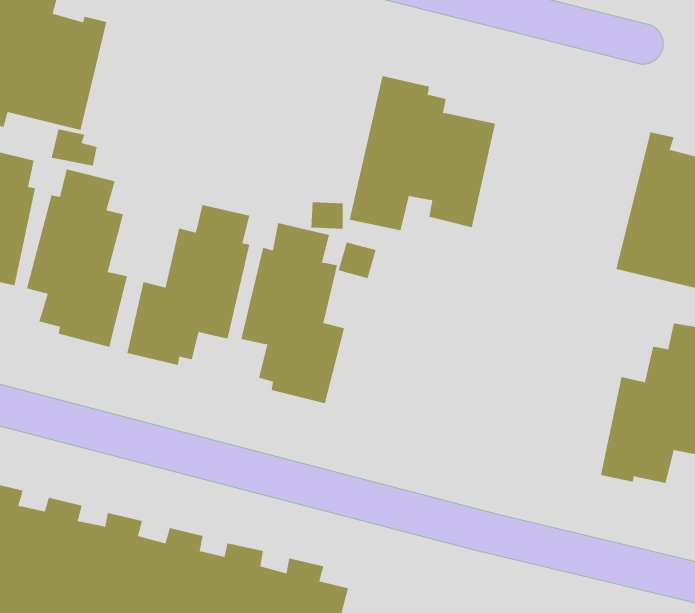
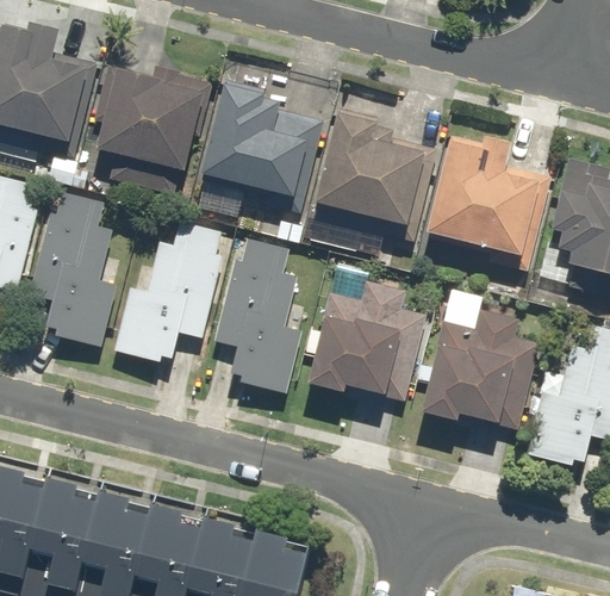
building: none -> [94,68,206,194]
building: none -> [199,80,324,217]
building: none -> [425,134,552,271]
building: none -> [306,271,424,393]
building: none -> [416,300,539,422]

